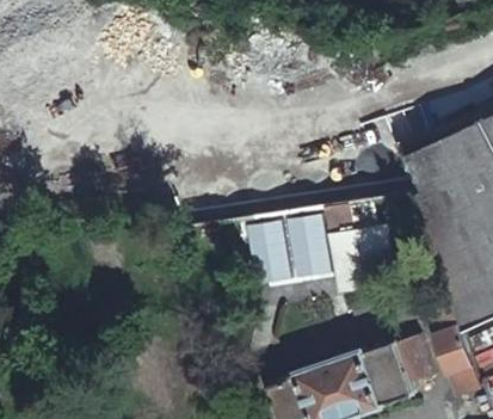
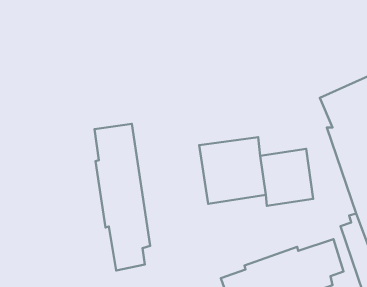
building: none -> [94,124,150,271]

